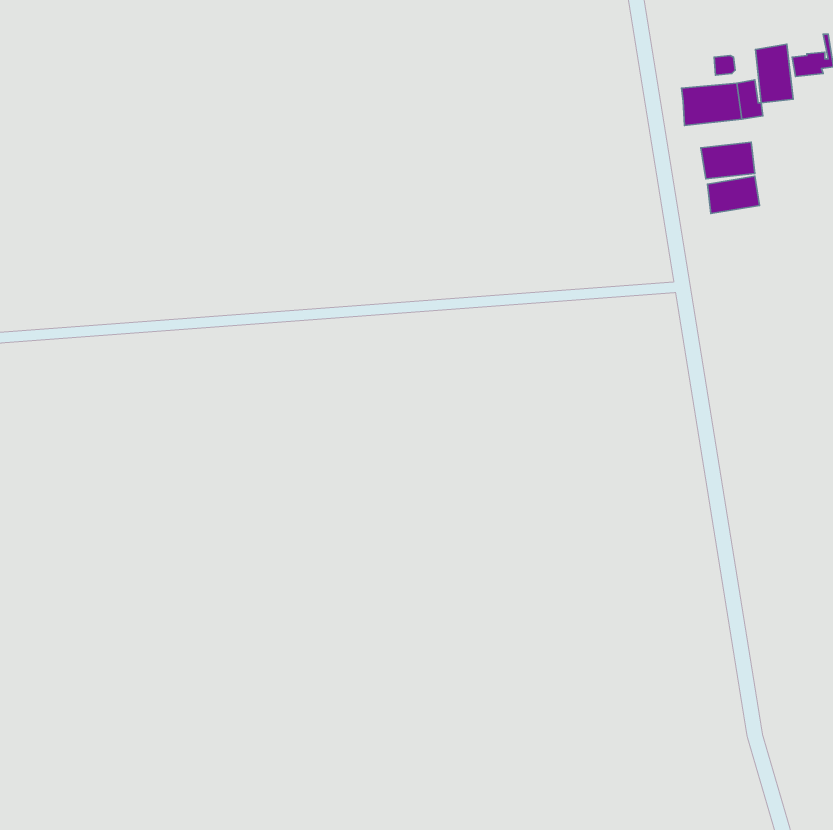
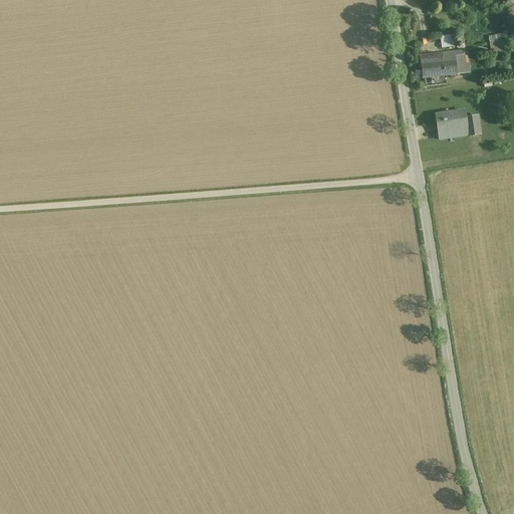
building: [755,44,793,103] -> none
building: [701,142,755,179] -> none

